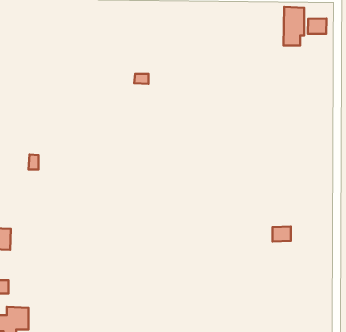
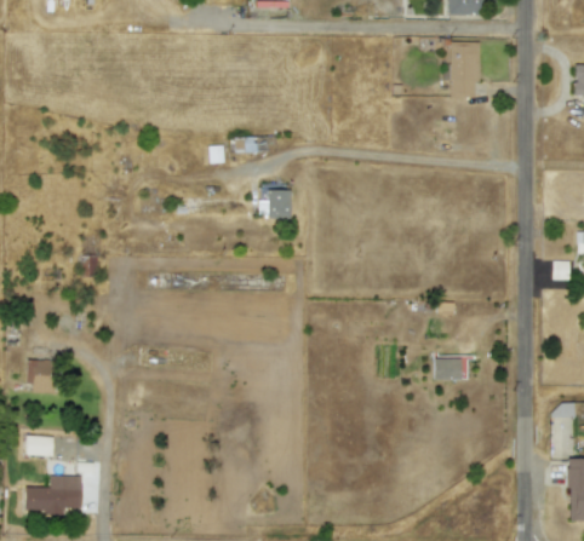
building: [308,19,327,34] -> none
building: none -> [260,183,291,218]

